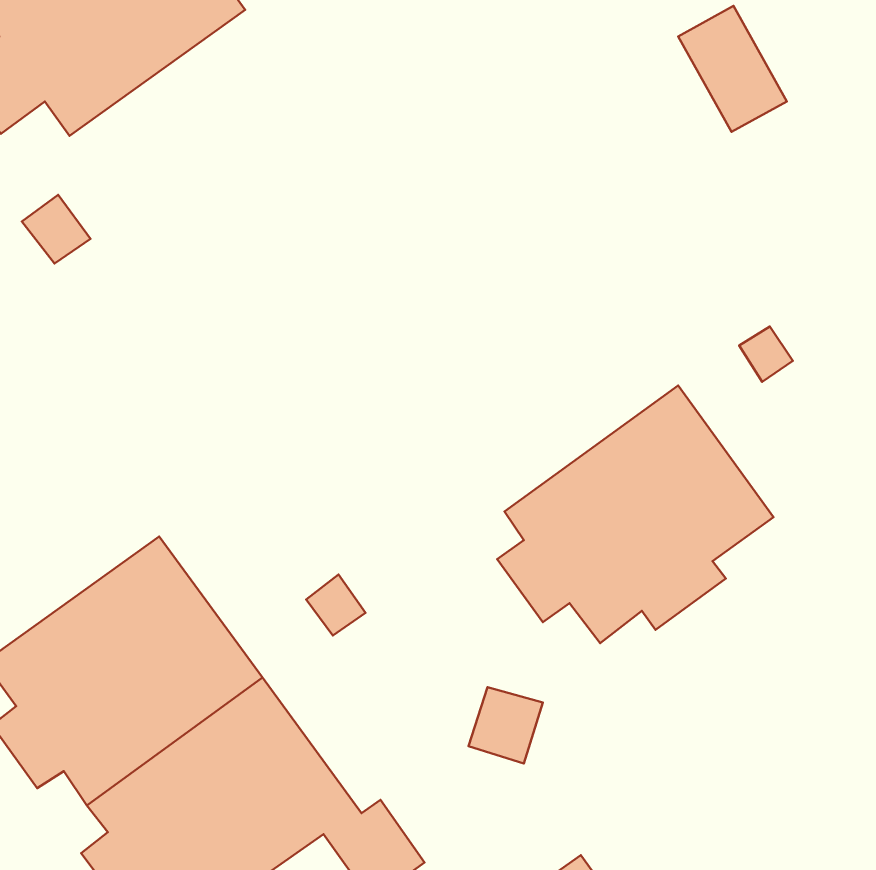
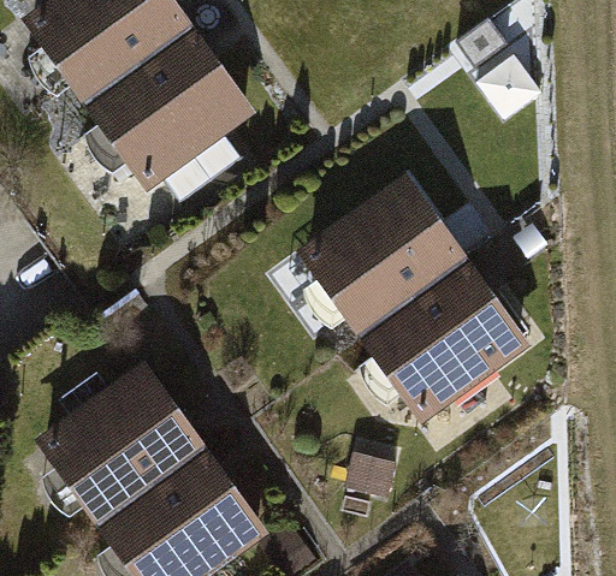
building: none -> [82,25,256,201]
building: none -> [295,173,469,342]

